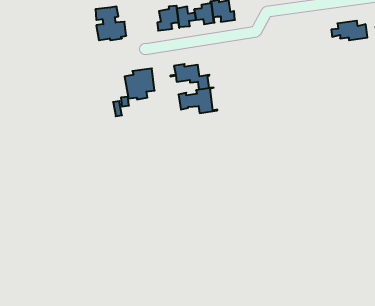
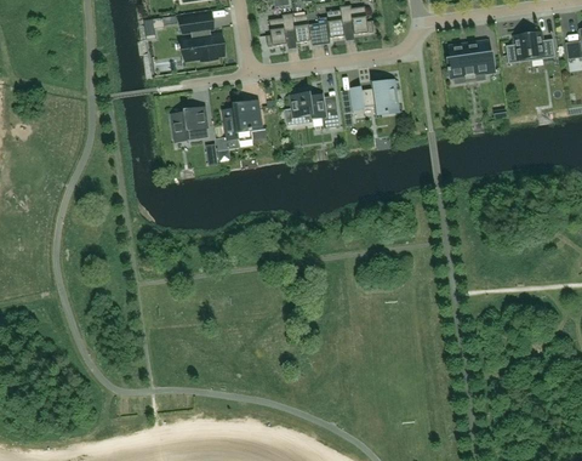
building: none -> [447,44,495,82]
building: none -> [172,108,207,142]
building: [178,88,217,113] -> [350,80,404,115]

